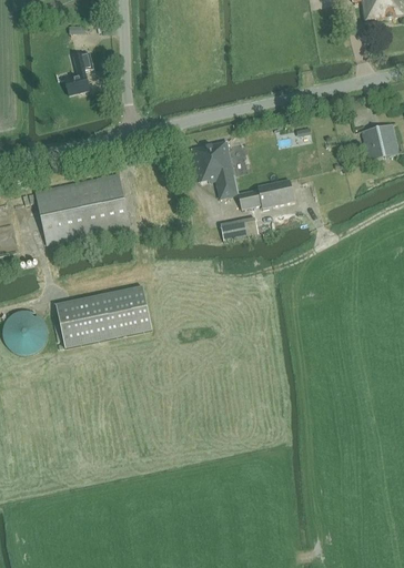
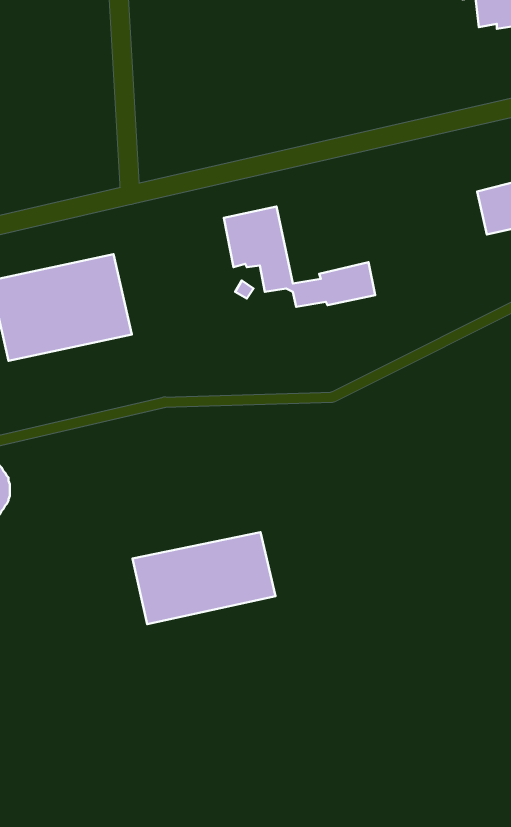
building: [65,53,93,94] -> none
building: [221,215,259,239] -> none
building: [57,285,153,347] -> [132,532,275,624]

